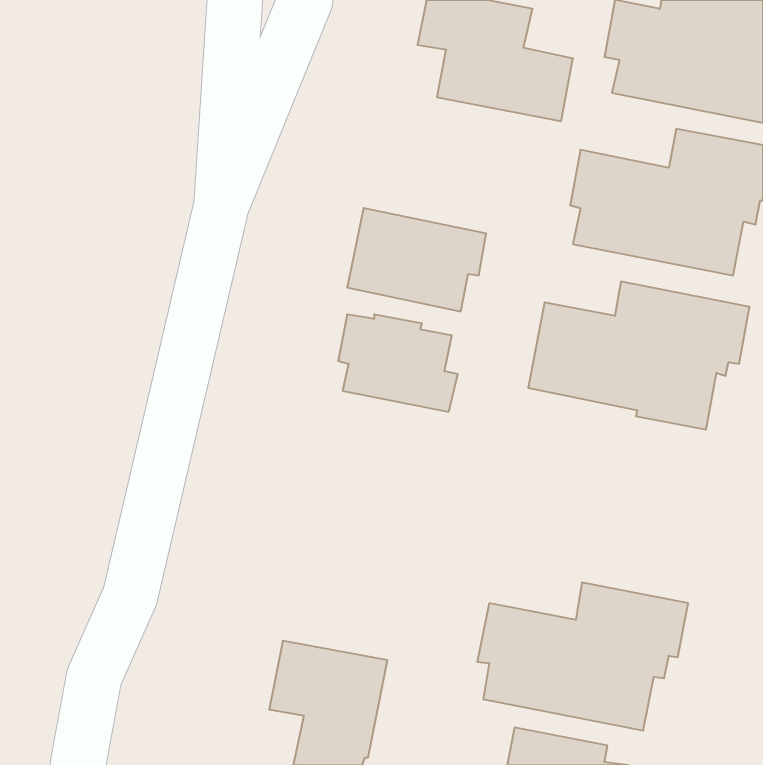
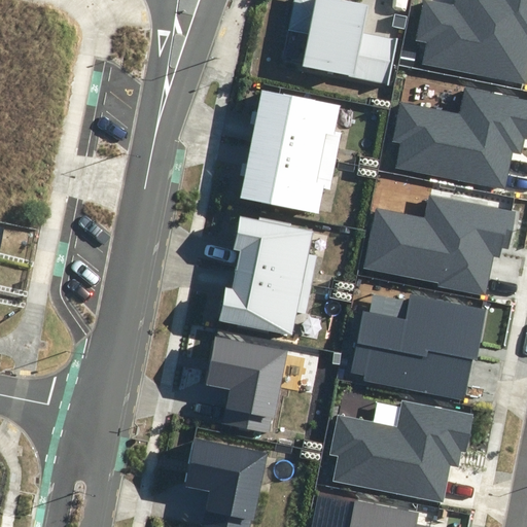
building: none -> [250,90,341,161]
building: none -> [218,269,309,335]
building: none -> [349,294,485,399]
building: none -> [205,338,286,432]

